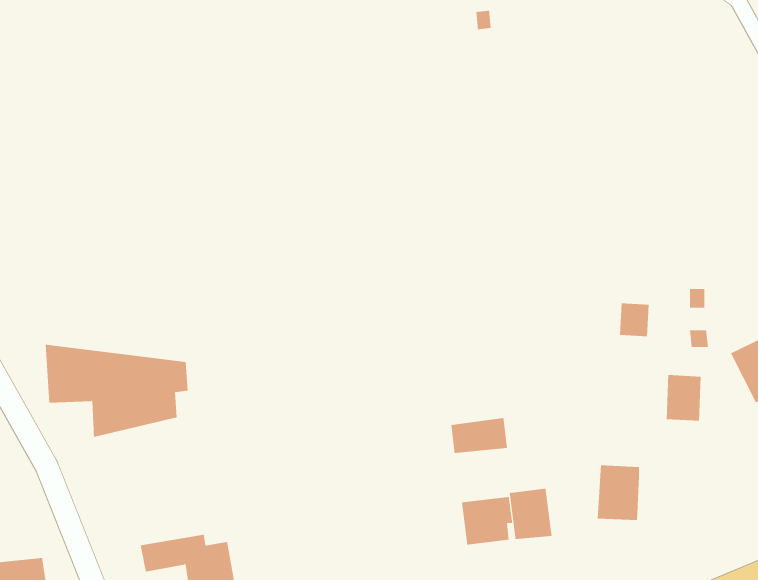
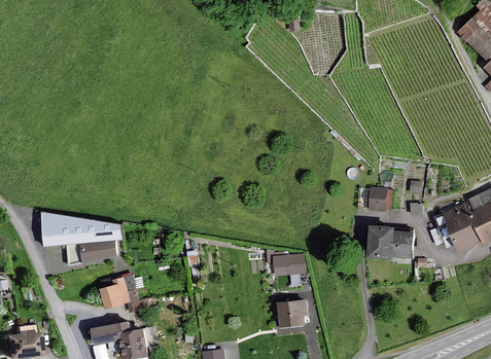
building: none -> [102,277,130,307]
building: [597,465,640,521] -> [373,223,397,255]
building: [509,488,552,540] -> none

